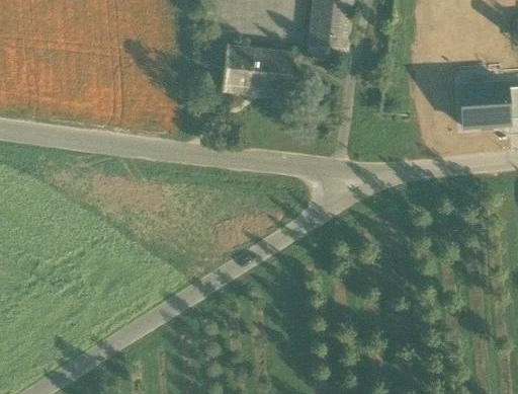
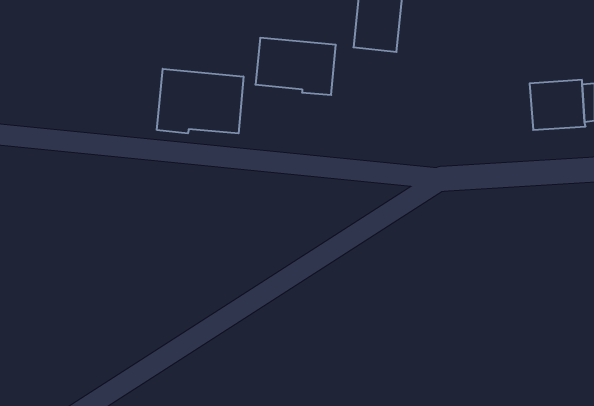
building: none -> [157,69,243,133]

